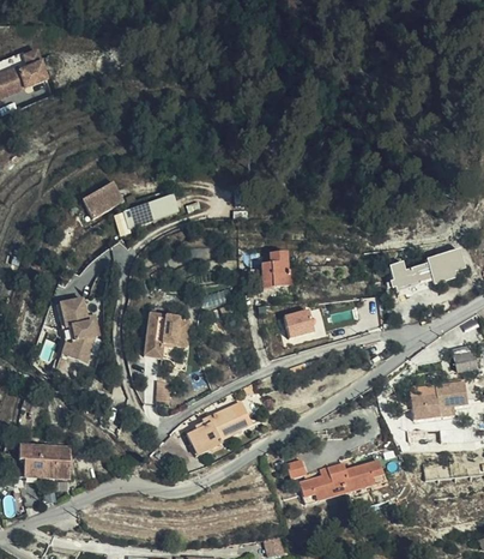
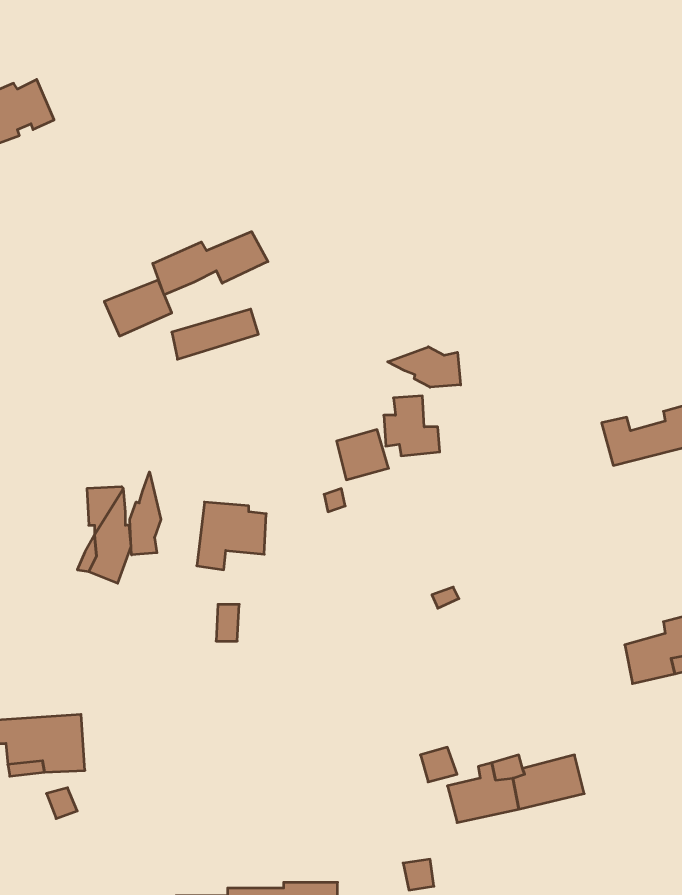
building: none -> [153,232,268,295]
building: none -> [388,347,461,387]
building: none -> [130,472,161,555]
building: [288,307,320,338] -> [337,430,389,480]
building: [182,409,240,461] -> none

